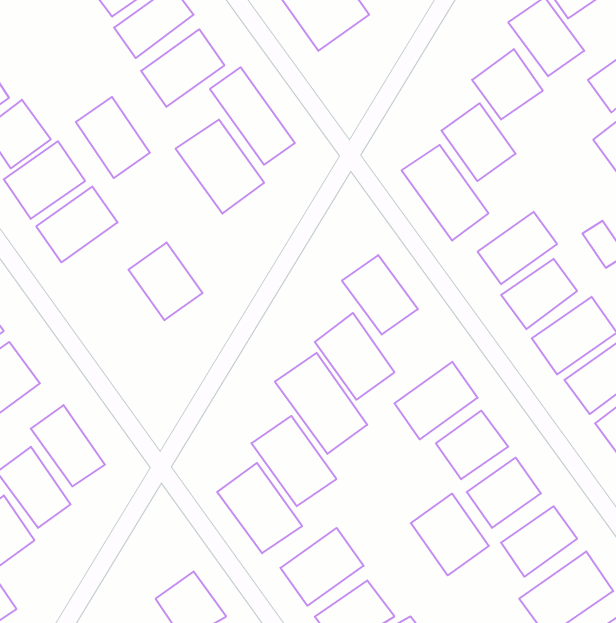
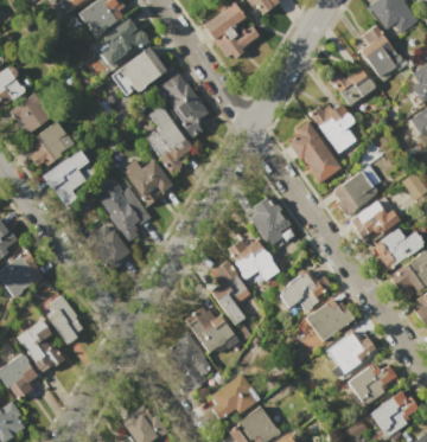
building: [76,97,150,178] -> [123,152,172,205]
building: none -> [88,223,133,270]
building: [411,494,489,575] -> none

